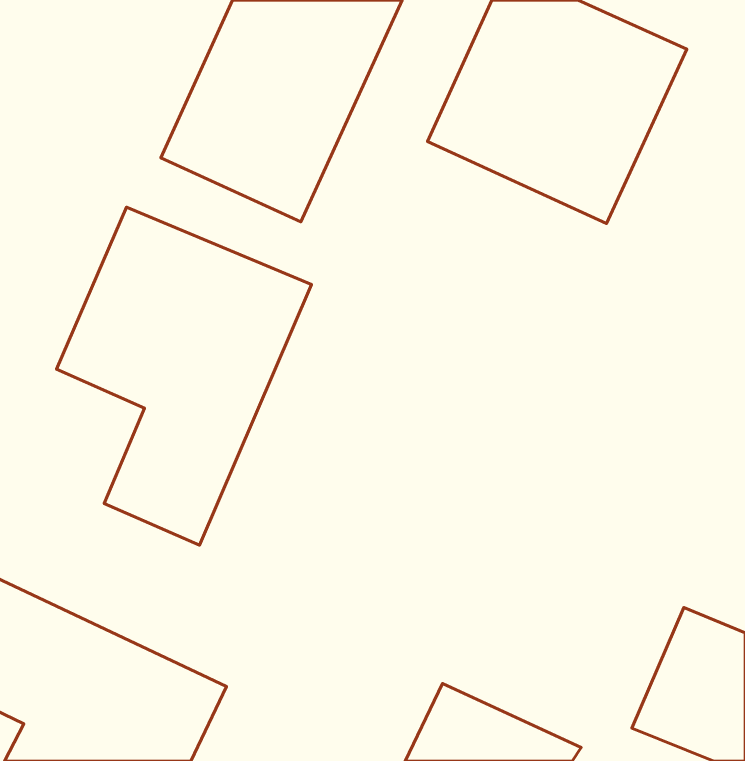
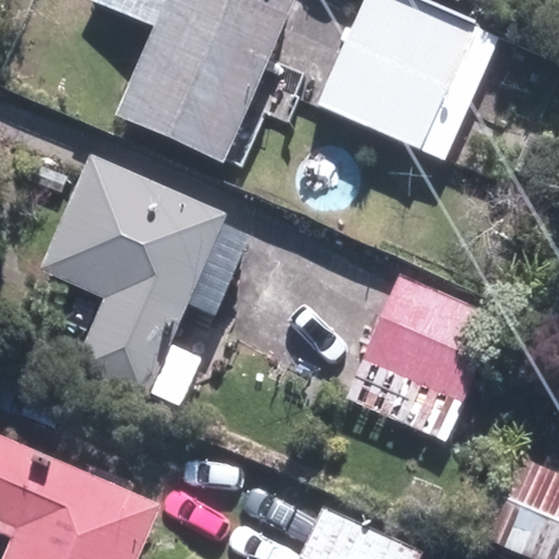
building: none -> [344,273,498,441]

